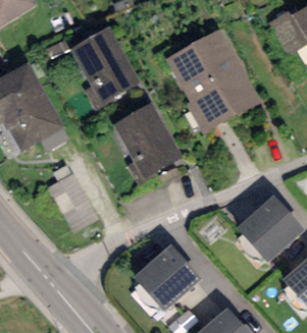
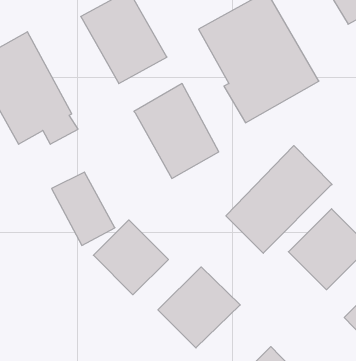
building: none -> [226,146,332,253]
building: none -> [93,220,168,295]

